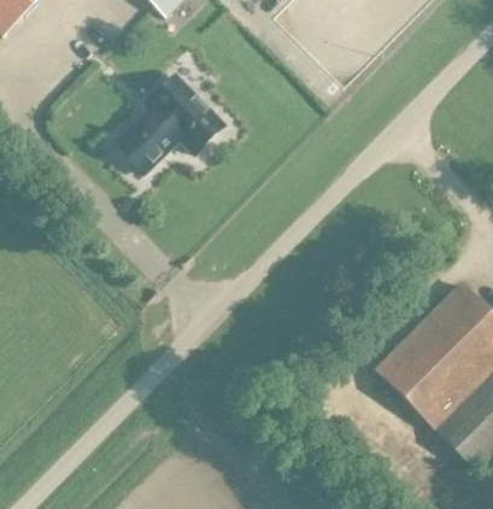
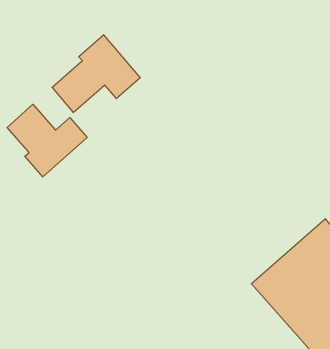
building: none -> [7,104,87,177]

